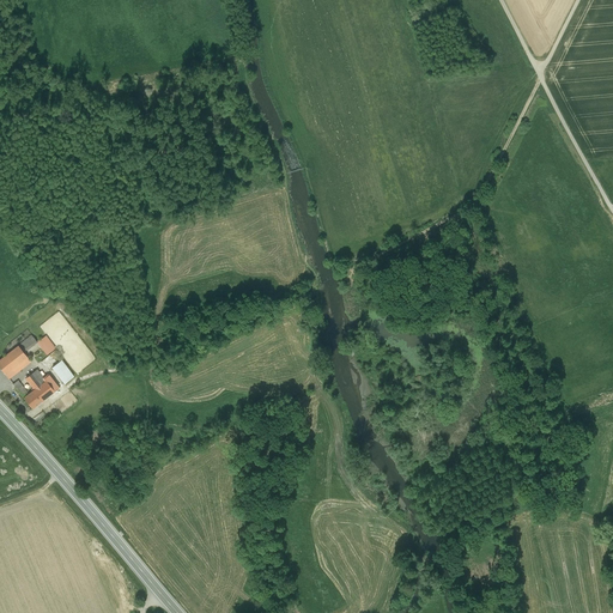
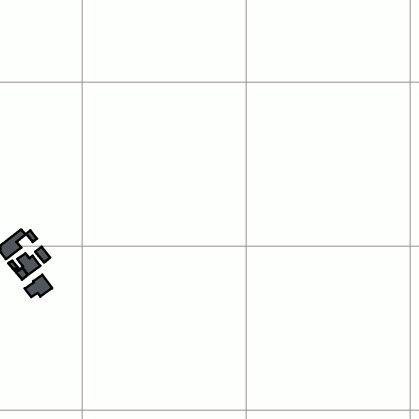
building: none -> [25,275,52,297]

